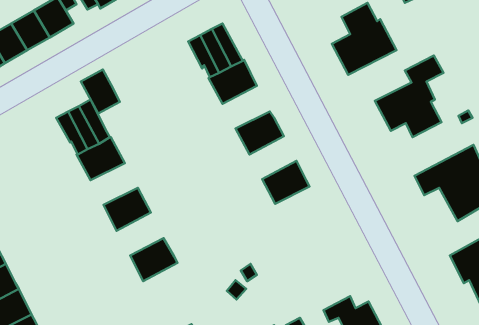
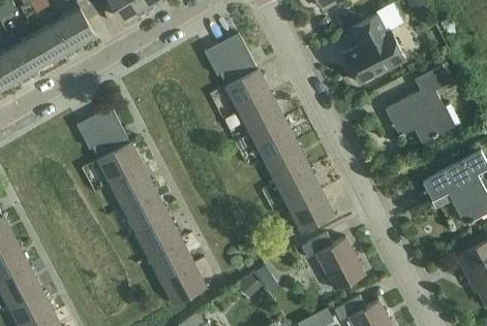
building: [81,70,120,114] -> none
building: none -> [238,94,283,135]
building: none -> [264,142,309,184]
building: none -> [111,168,156,208]
building: none -> [288,191,335,232]
building: none -> [135,216,181,257]
building: none -> [302,234,365,291]
building: none -> [161,264,207,306]

